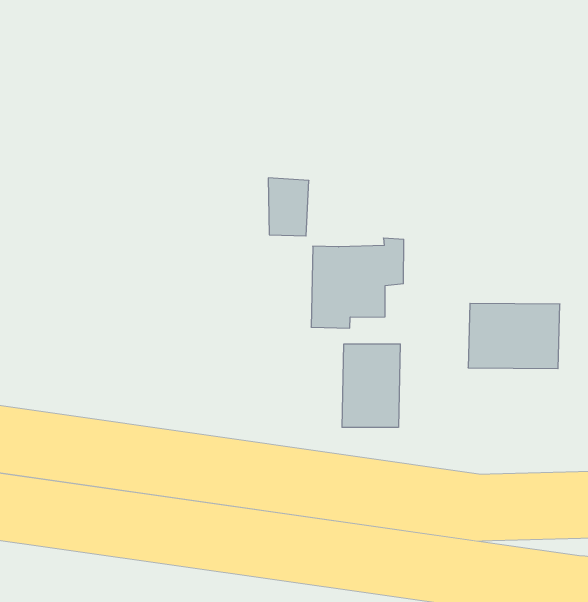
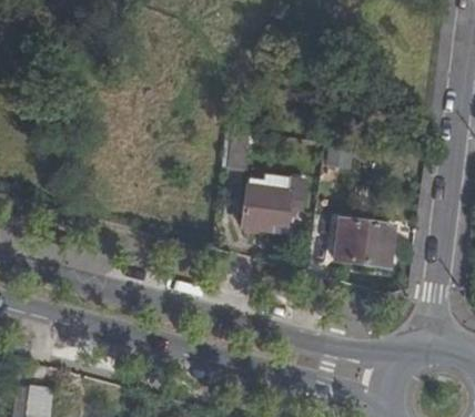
building: [342,344,400,427] -> none

